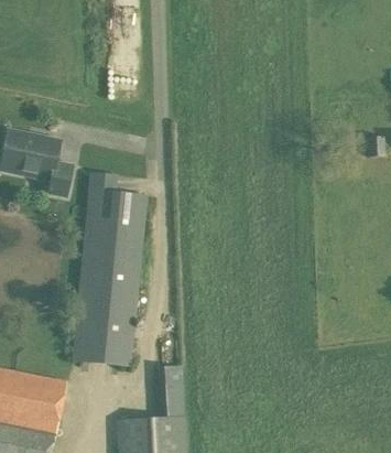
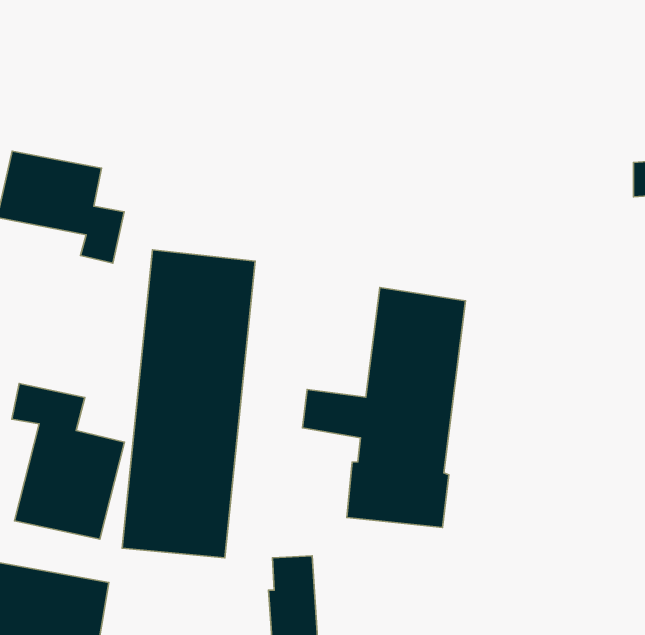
building: none -> [303,288,465,527]
building: none -> [12,383,125,539]

